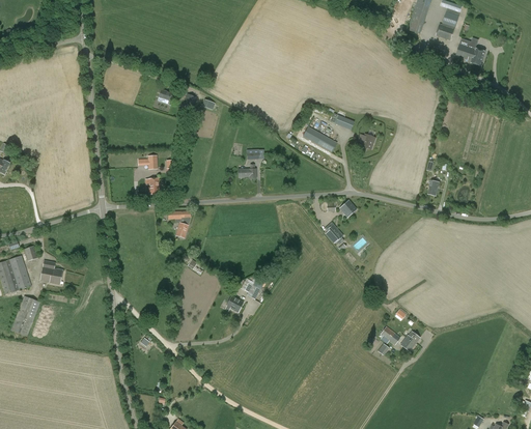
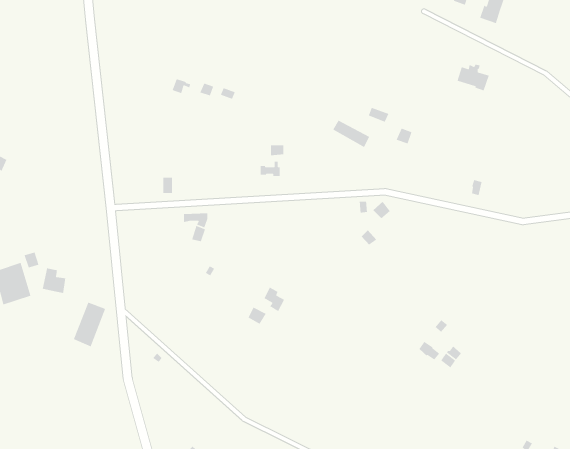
building: [454,40,484,65] -> [457,64,490,91]
building: [9,295,39,337] -> [73,302,106,347]

